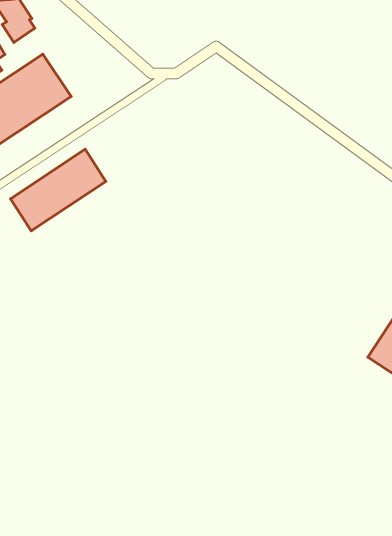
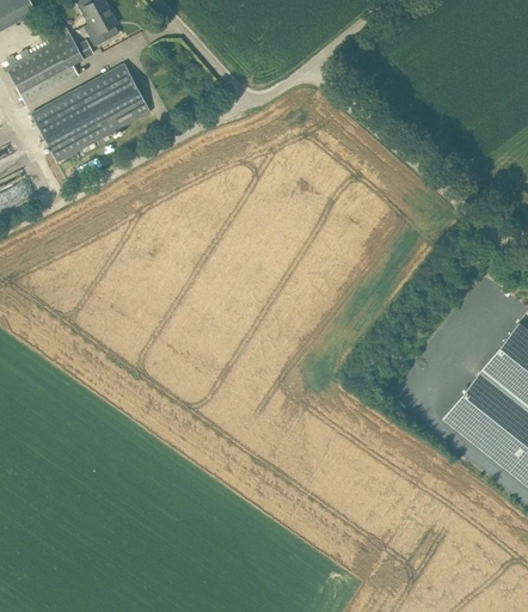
building: [10,149,106,231] -> none

